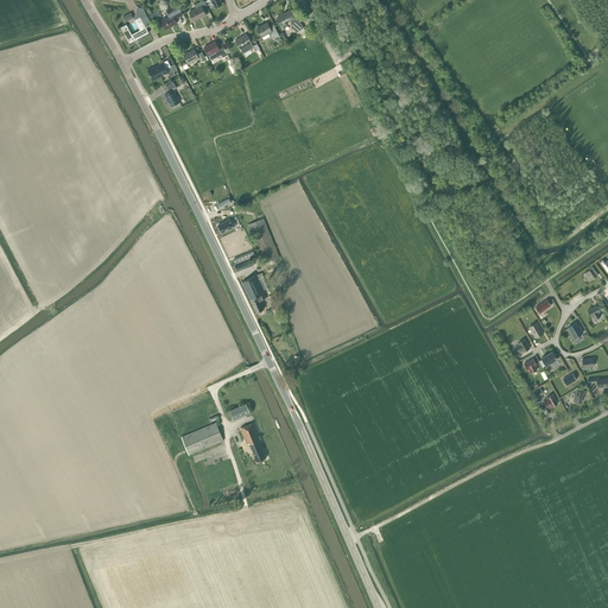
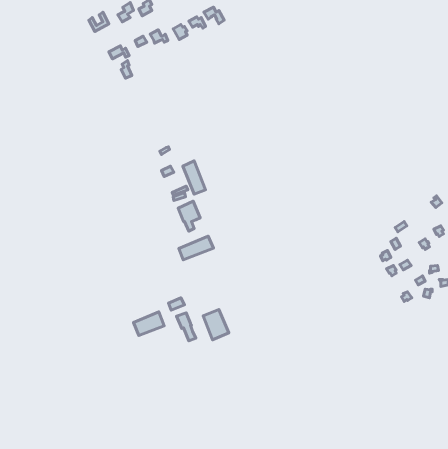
building: none -> [179,236,213,260]
building: none -> [203,309,229,340]

